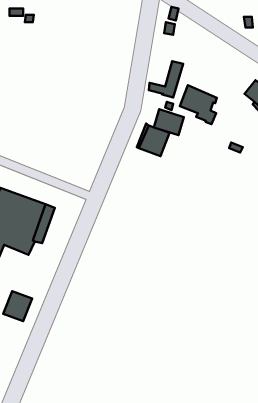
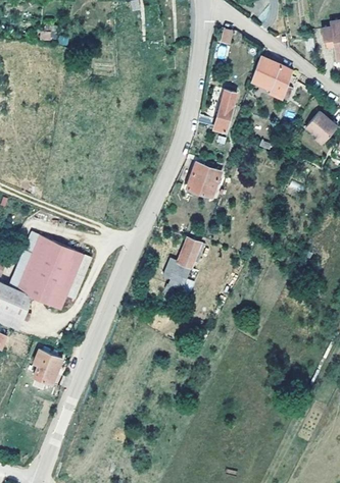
building: [180,85,217,124] -> [251,55,293,99]
building: [154,109,184,135] -> none
building: none -> [163,236,201,288]

